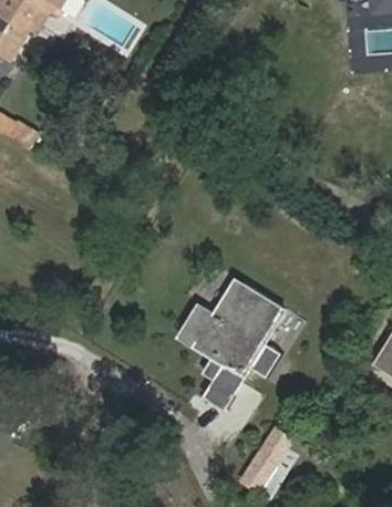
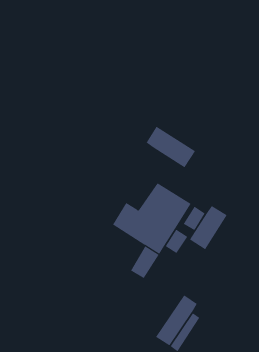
building: none -> [146,126,196,168]
building: none -> [189,205,228,250]

